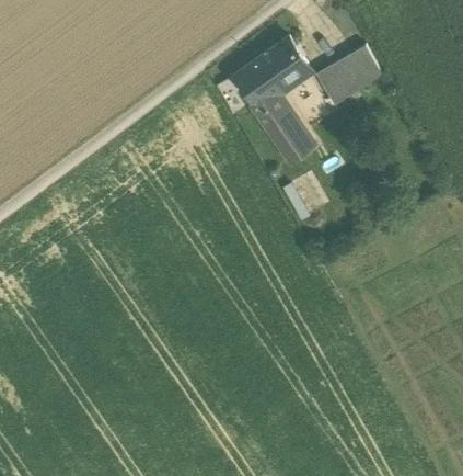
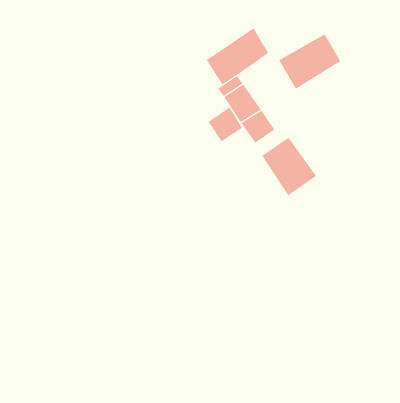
building: none -> [208,107,243,142]
building: none -> [261,137,317,196]

